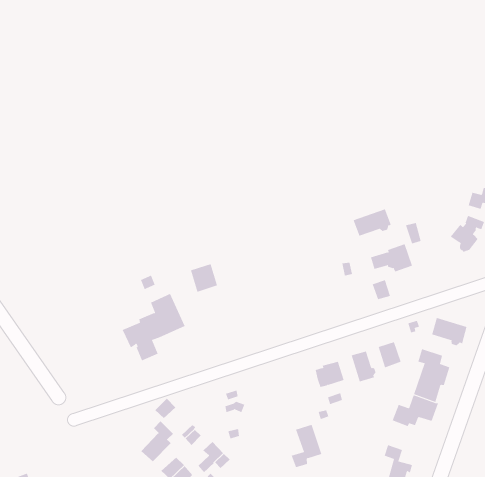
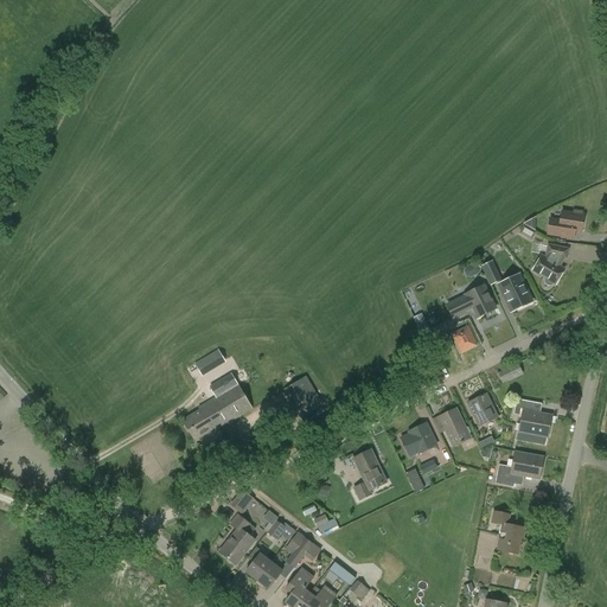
building: [353,209,392,236] -> none
building: none -> [499,274,532,311]
building: [190,263,218,293] -> [287,376,320,410]
building: [432,317,467,346] -> none
building: [291,424,322,468] -> [352,449,386,500]

